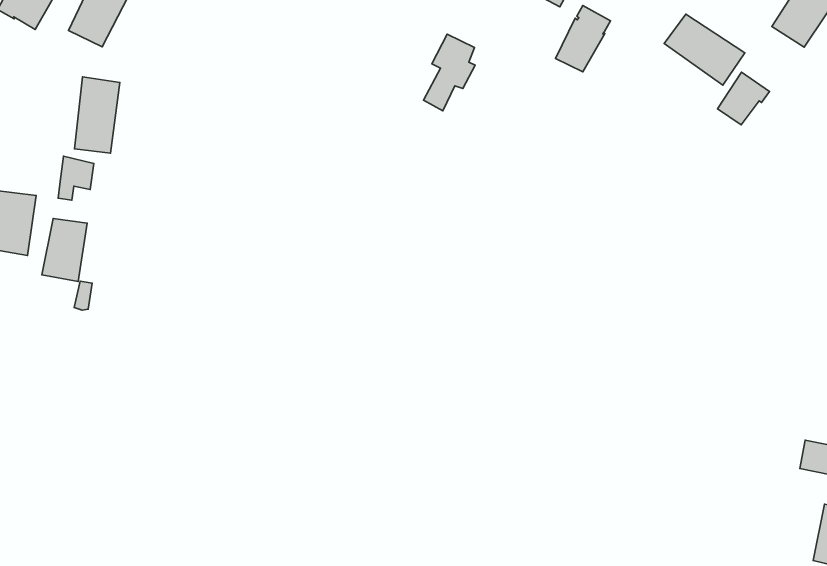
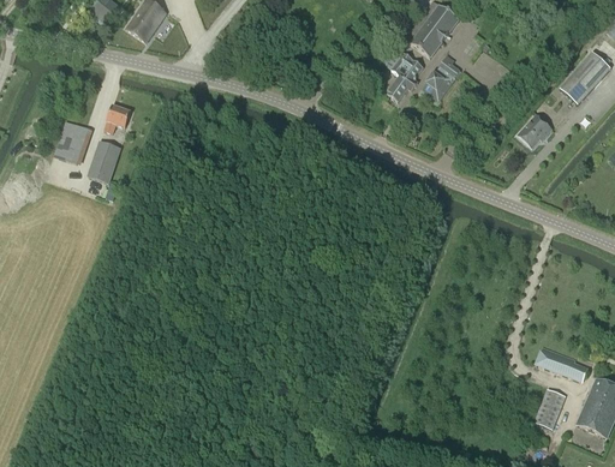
building: [664,14,745,85] -> none
building: [424,34,475,111] -> [387,55,423,102]
building: [75,77,120,153] -> none

